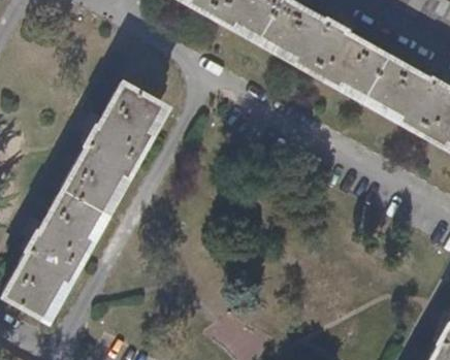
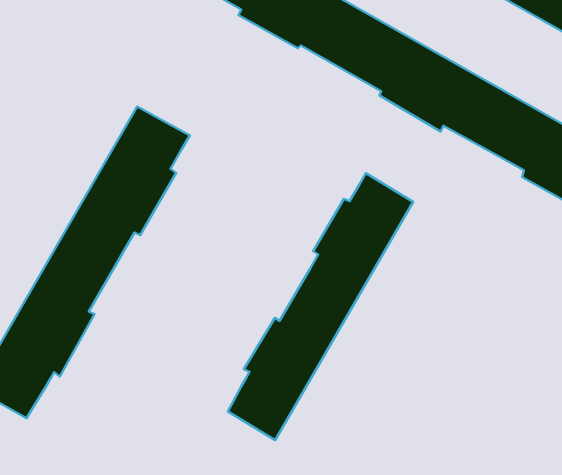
building: none -> [228,173,413,440]

